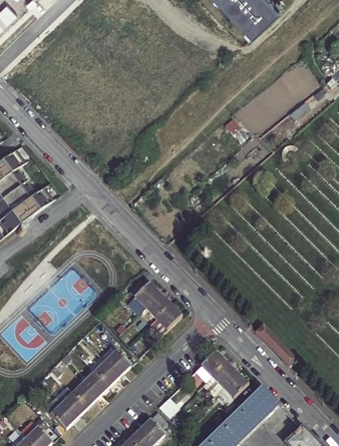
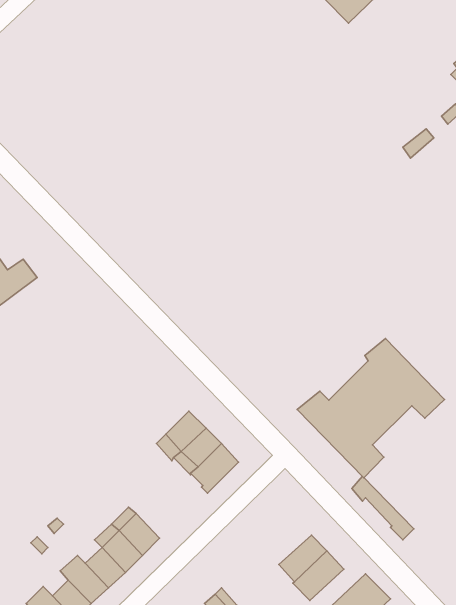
building: none -> [297,339,444,478]
building: [197,353,229,384] -> none

